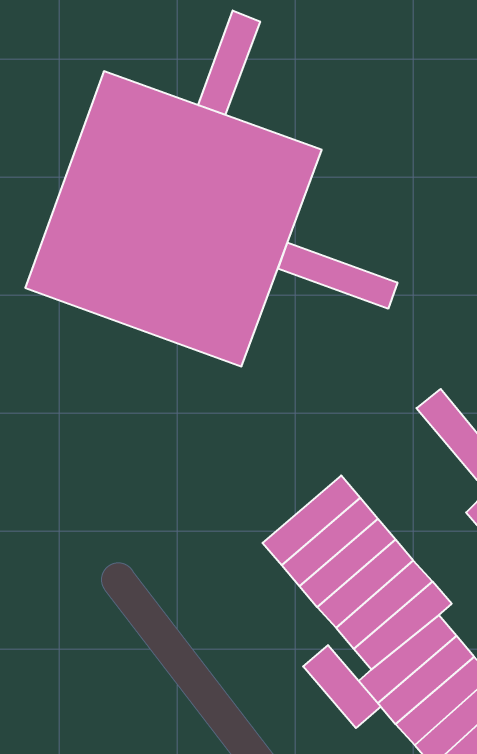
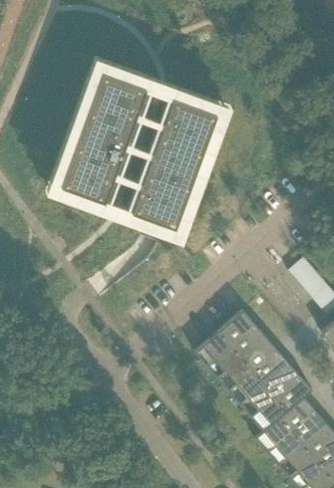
building: [198,10,260,115] -> none
building: [278,243,397,309] -> none
building: [303,645,381,728] -> none

